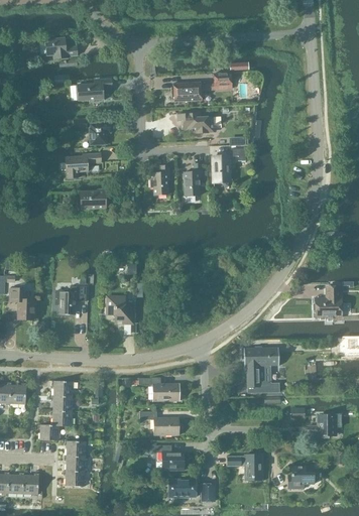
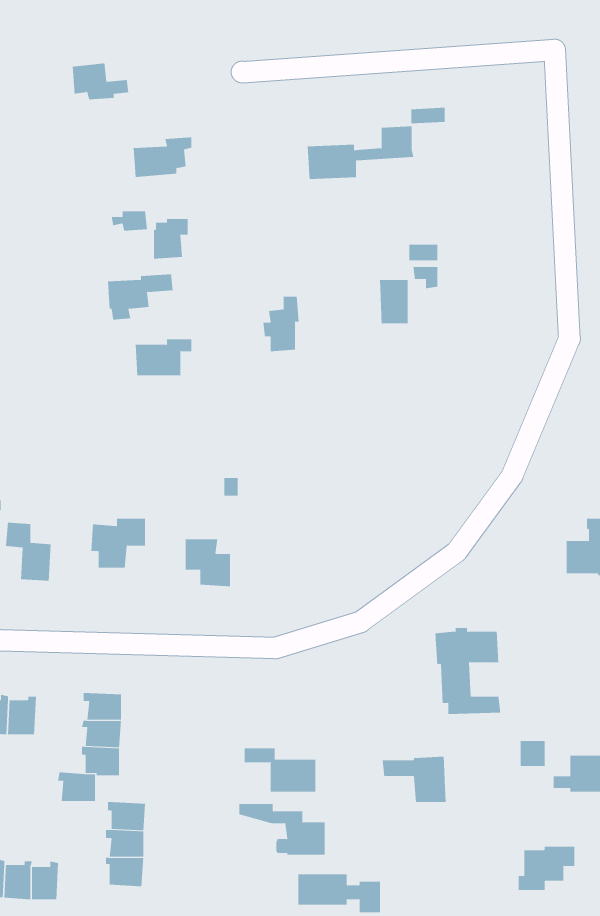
building: [176,113,213,133] -> none
building: [184,164,208,197] -> none
building: [153,383,178,401] -> none
building: [227,455,262,480] -> [382,756,446,802]

